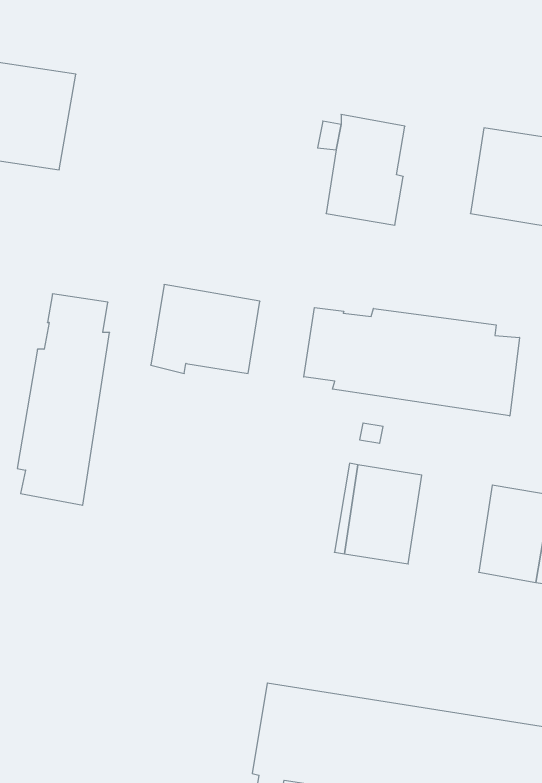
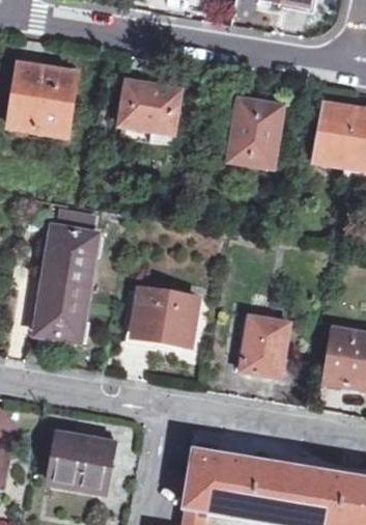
building: none -> [120,80,181,143]
building: [151,285,260,373] -> [131,288,198,343]
building: [304,308,519,416] -> none
building: none -> [50,435,108,491]

